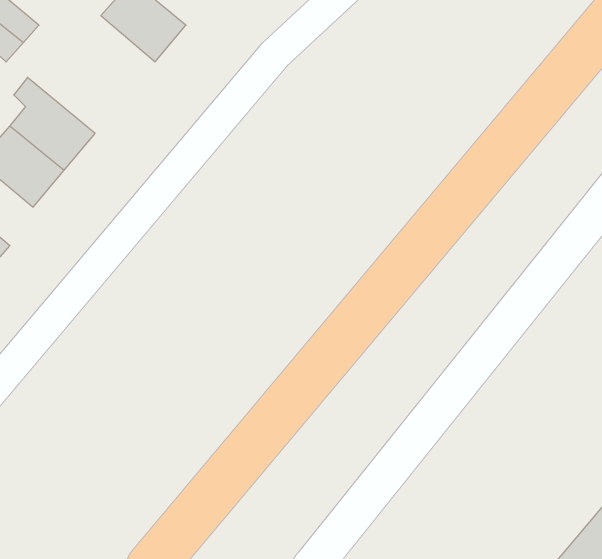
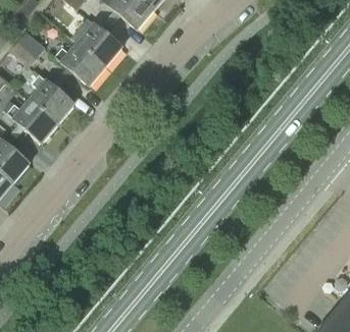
building: none -> [55,42,106,86]

